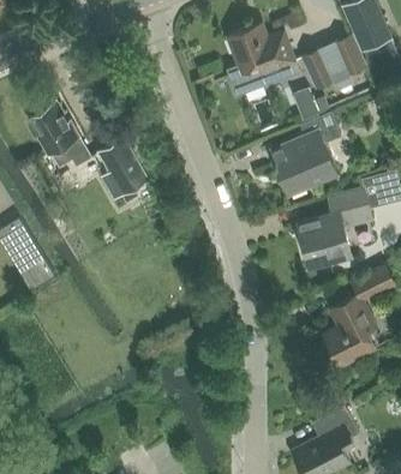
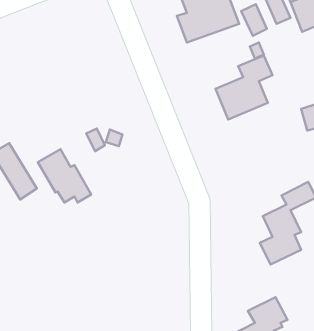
building: [26,101,91,166] -> [38,149,91,202]
building: [100,138,146,198] -> none
building: [298,188,371,265] -> none

